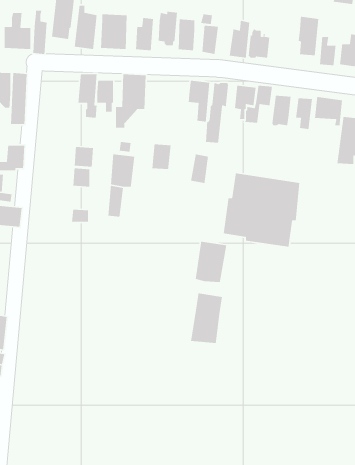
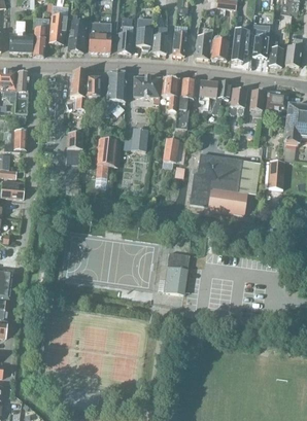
building: none -> [231,33,249,61]
building: none -> [133,76,160,103]
building: none -> [268,160,284,188]
building: [195,241,227,283] -> none

